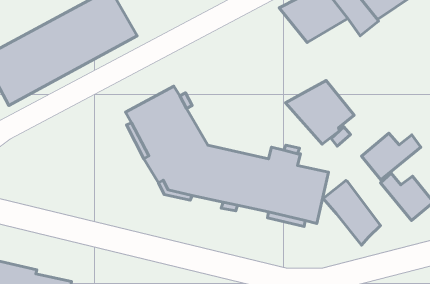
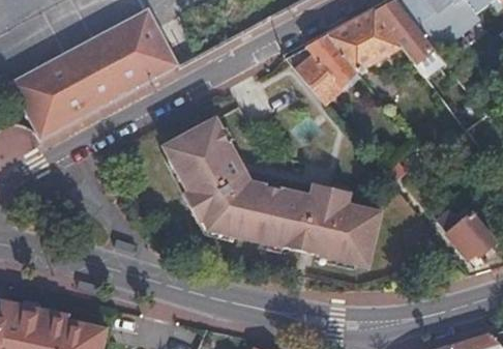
building: [286,80,354,144] -> [286,32,359,100]
building: [361,133,421,180] -> none
building: [323,180,380,245] -> none

